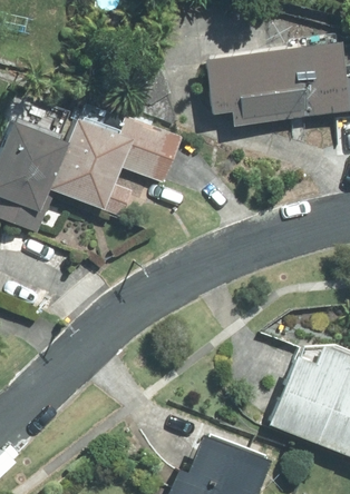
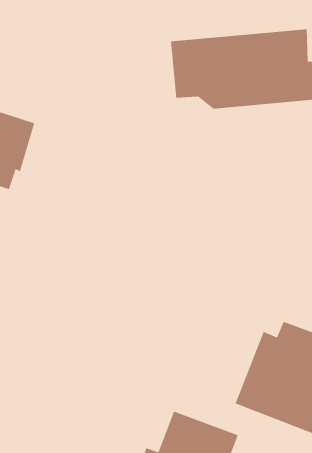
building: [51,115,188,209] -> none

